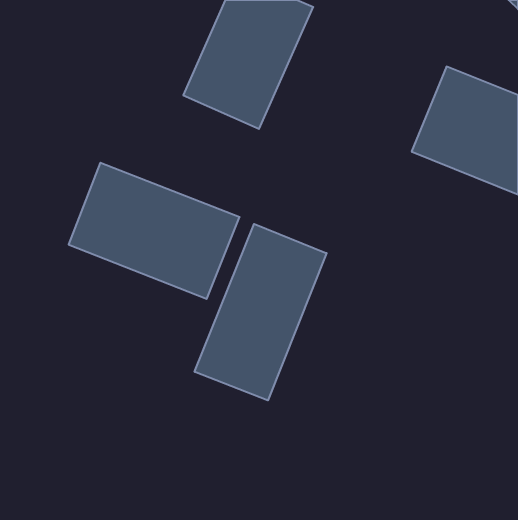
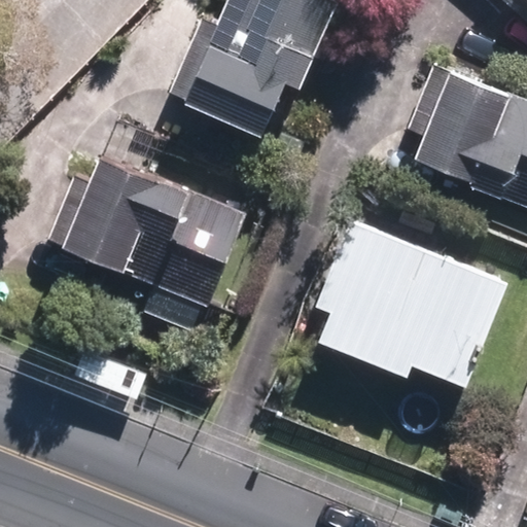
building: none -> [321,225,494,379]
building: [195,224,327,400] -> none

